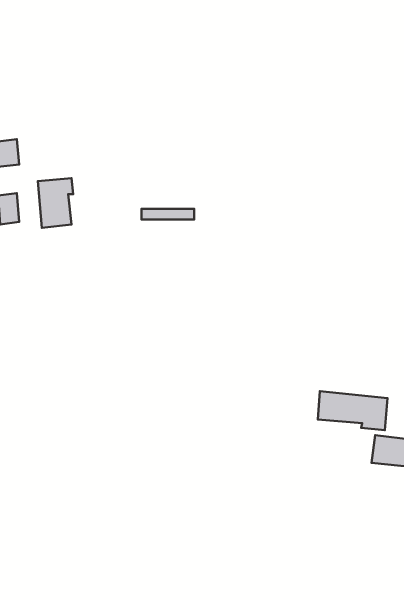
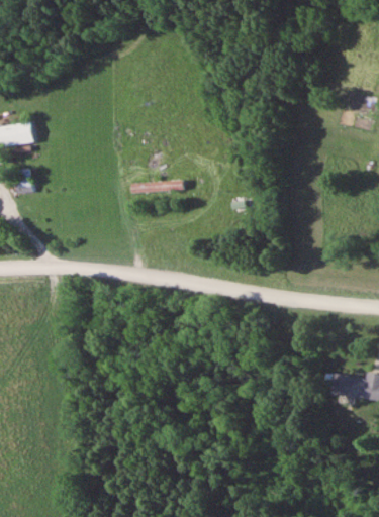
building: [38,178,73,228] -> none
building: [318,391,388,430] -> none

